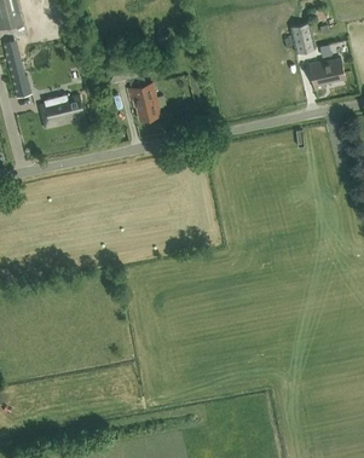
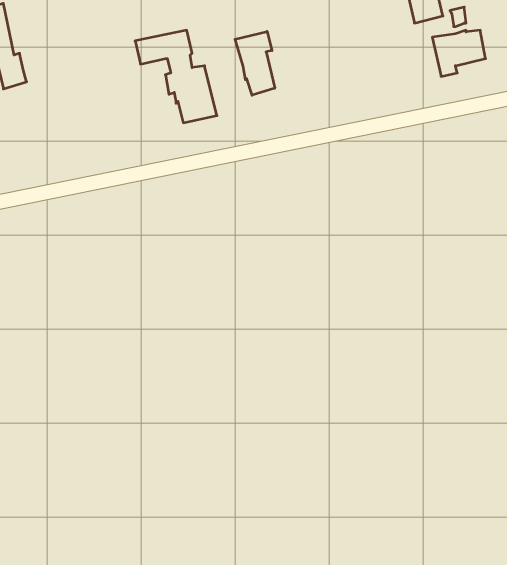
building: none -> [235,31,275,95]
building: [40,94,85,127] -> none

